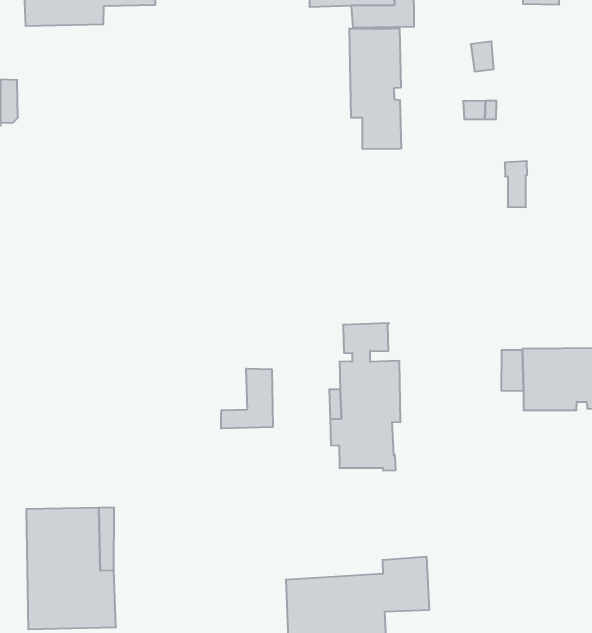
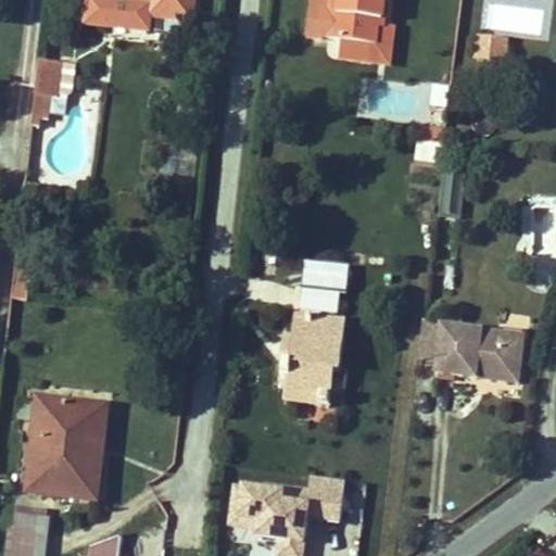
building: [349,28,401,149] -> none
building: none -> [303,263,348,293]
building: [221,368,273,429] -> none

